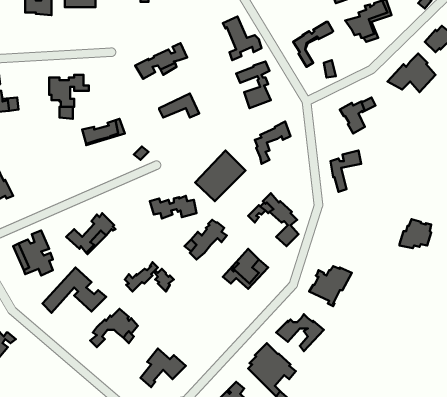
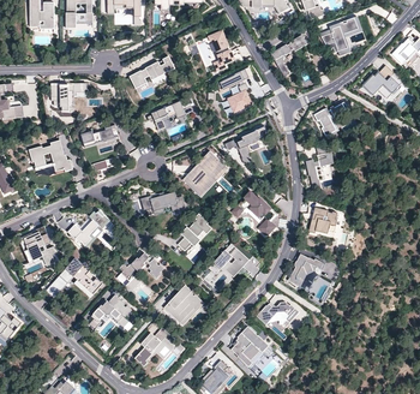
building: none -> [28,139,72,172]
building: [399,219,431,248] -> [307,207,336,233]
building: none -> [164,285,204,327]

